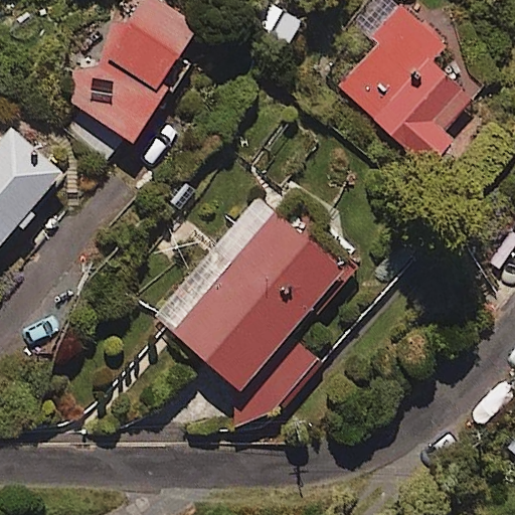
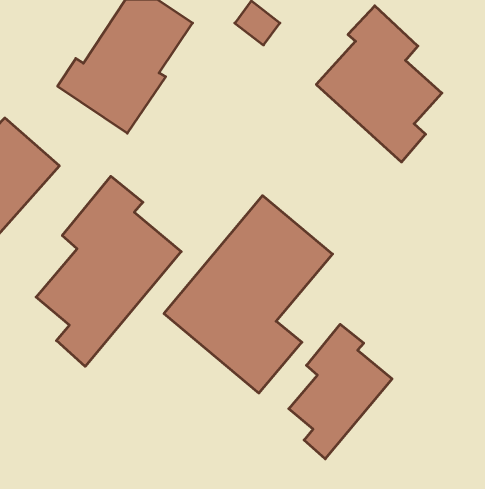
building: none -> [36,176,181,366]
building: none -> [289,324,392,459]

